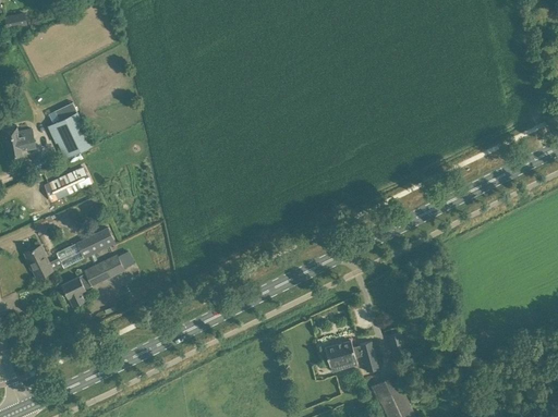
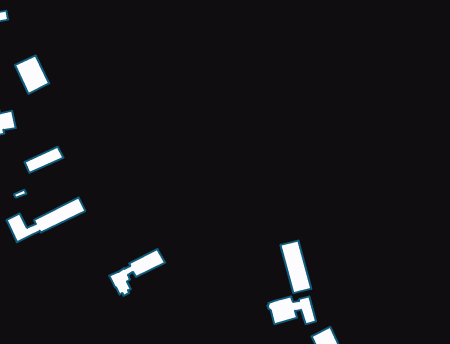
building: [52,112,92,156] -> [15,56,49,94]
building: [60,254,124,307] -> [109,249,165,296]
building: none -> [281,240,311,293]

